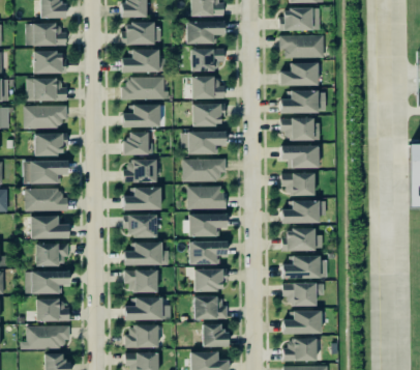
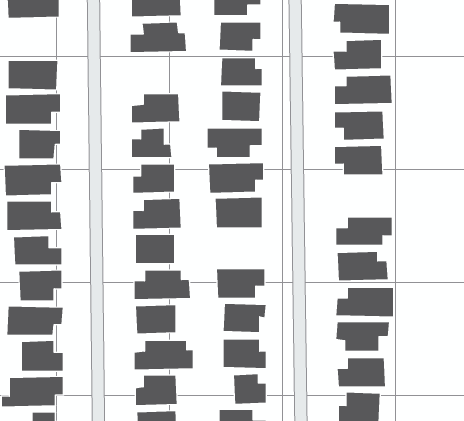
building: [33,51,64,74] -> none
building: [122,77,167,99] -> none
building: [281,173,314,196] -> none
building: [188,214,227,236] -> none

